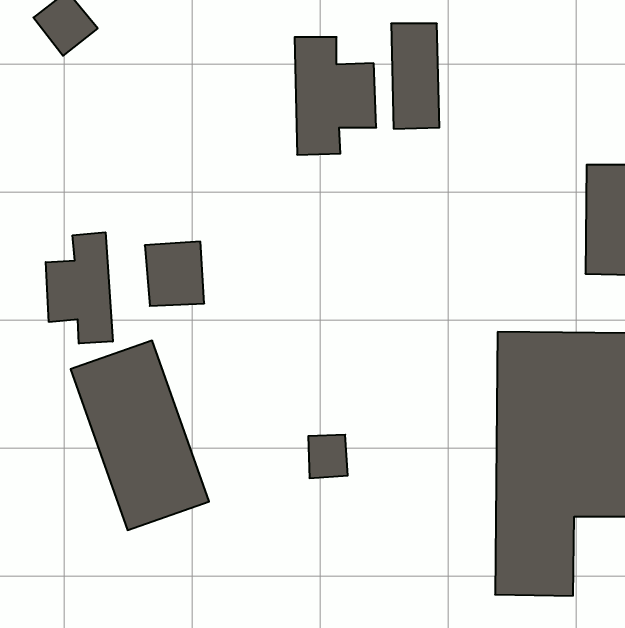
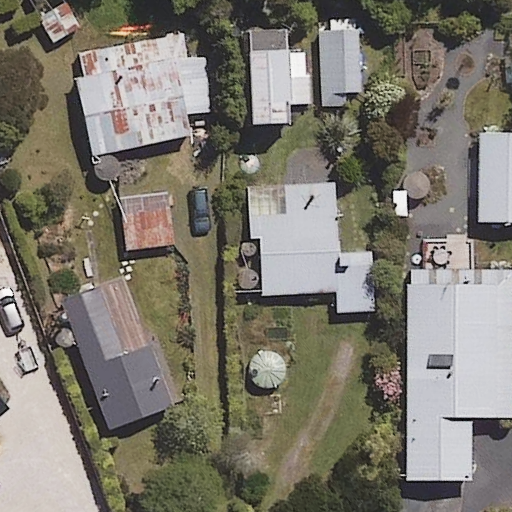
building: none -> [77,37,216,175]
building: none -> [249,182,377,311]
building: [46,232,113,344] -> none

